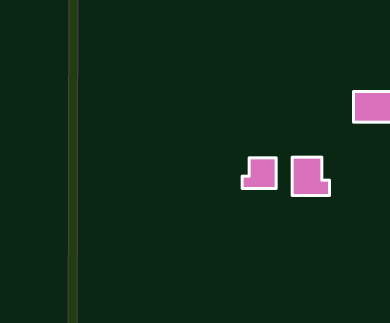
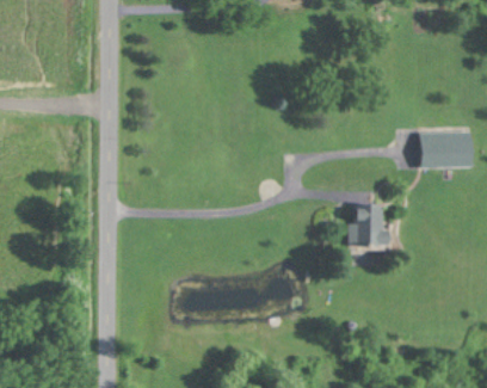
building: [242,158,276,189] -> none

